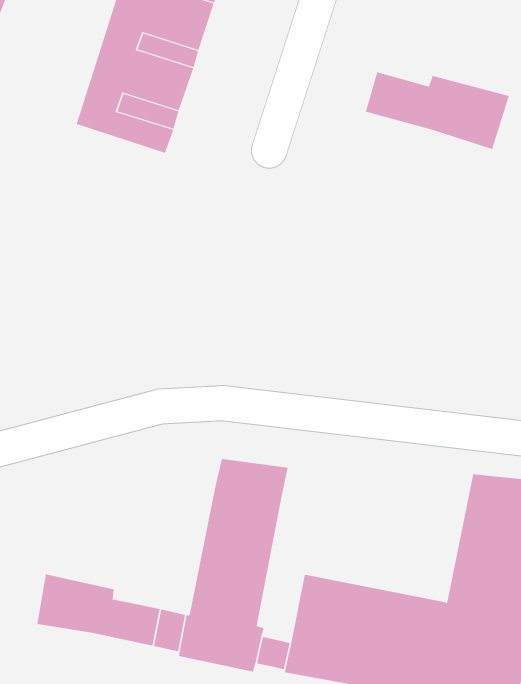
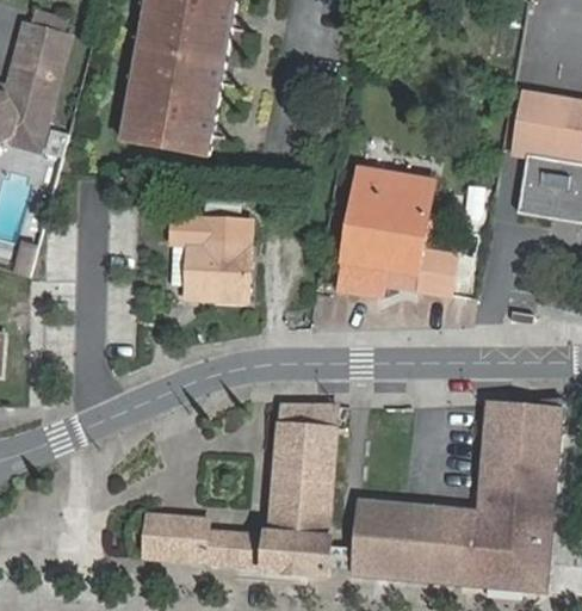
building: [365,71,509,150] -> none
building: none -> [338,168,454,297]
building: none -> [166,221,247,303]

